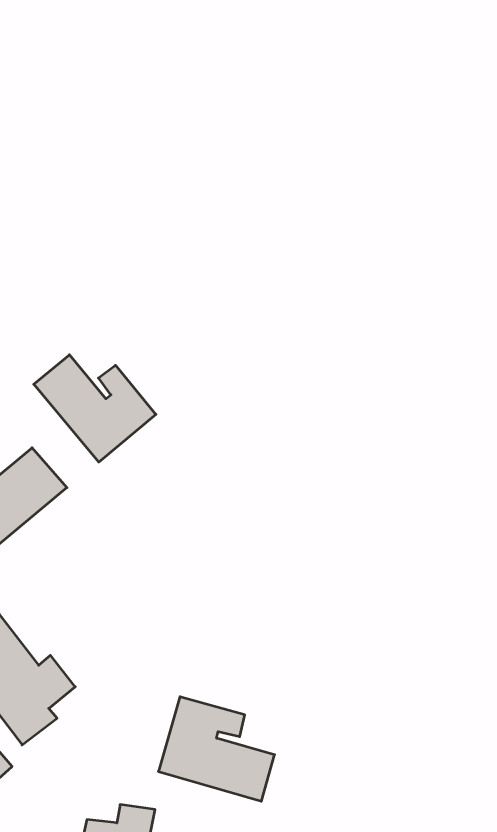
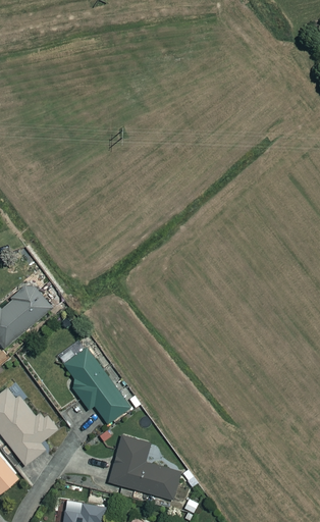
building: [34,355,156,462] -> none
building: none -> [58,343,130,424]

